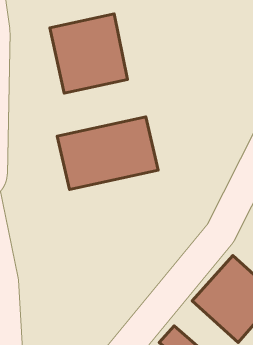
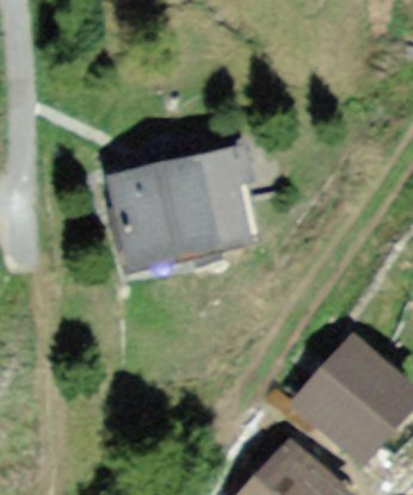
building: [50,14,127,93] -> none

